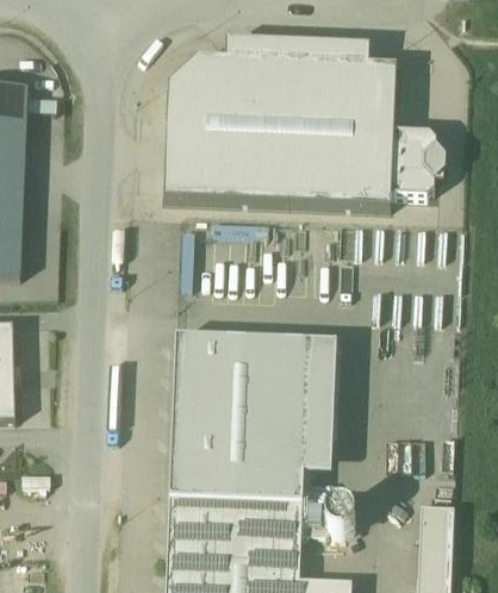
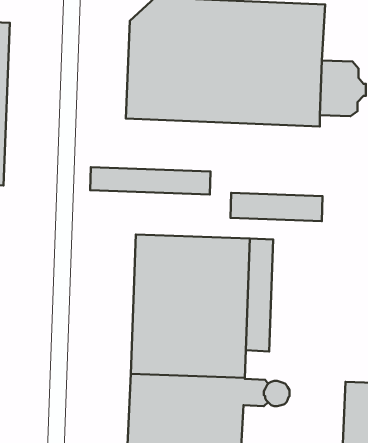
building: none -> [90,167,211,194]
building: none -> [230,193,323,221]

